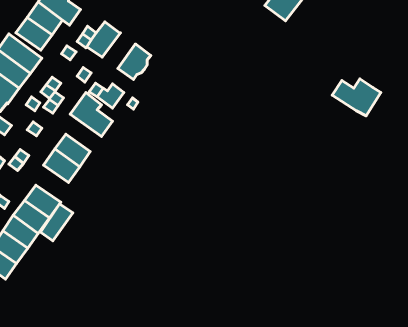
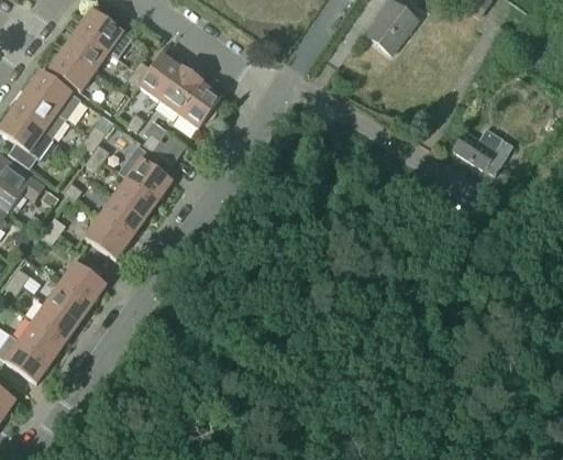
building: none -> [159,66,202,112]
building: none -> [113,176,158,218]
building: [41,204,73,241] -> none

